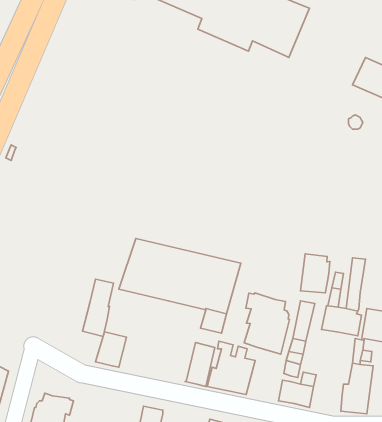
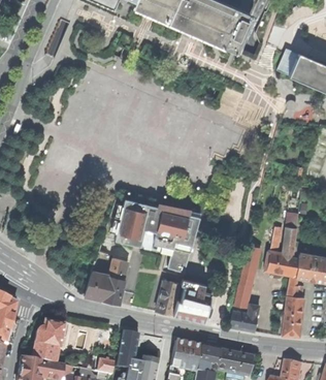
building: [300,254,330,293] -> none
building: [82,279,114,337] -> [103,257,128,303]
building: [244,293,290,354] -> none

